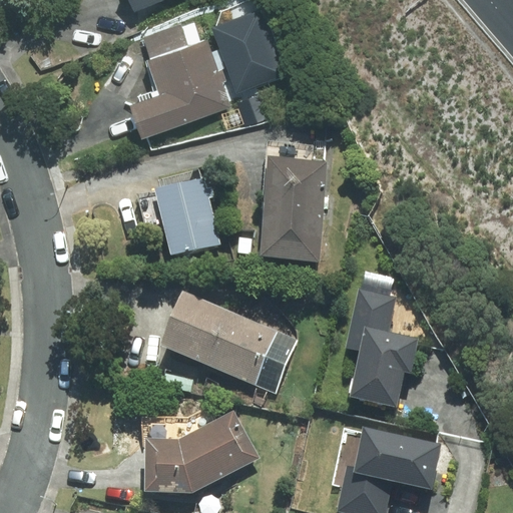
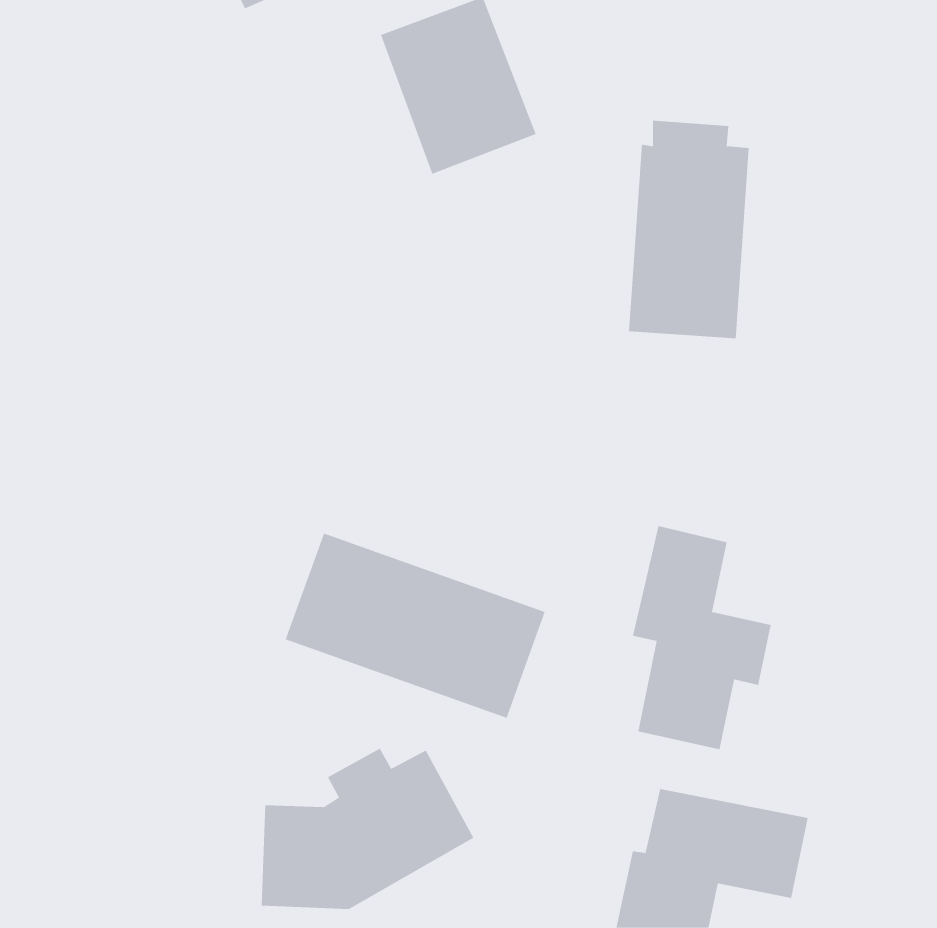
building: [125,16,232,138] -> none
building: [260,144,326,264] -> [628,120,749,339]
building: [143,174,221,253] -> none

